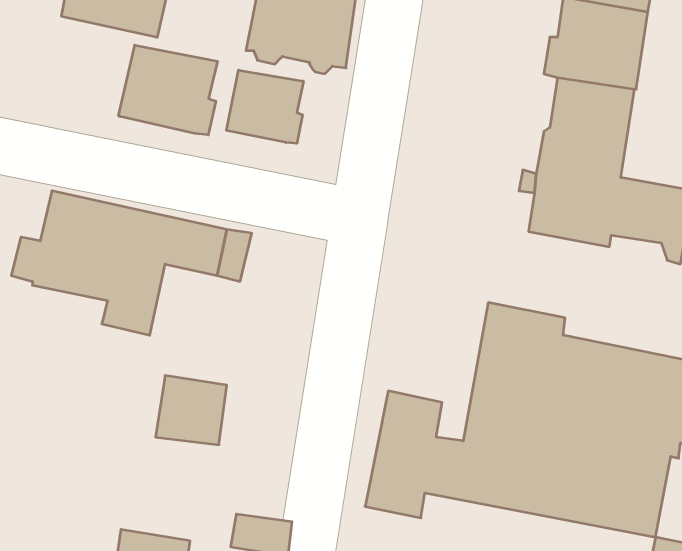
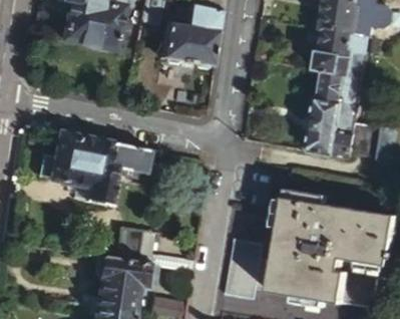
building: [119,45,217,135] -> none
building: [226,70,303,143] -> none
building: none -> [93,255,146,312]

